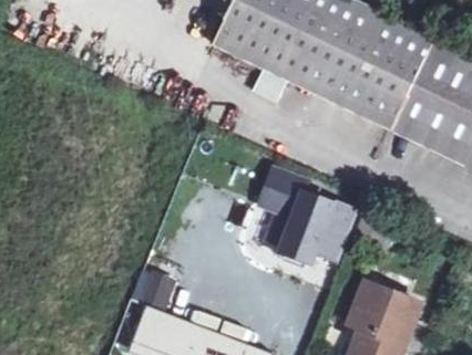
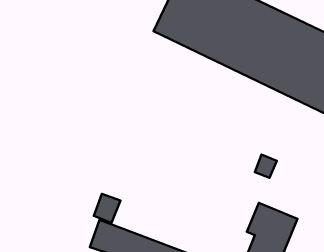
building: [260,177,350,268] -> none

